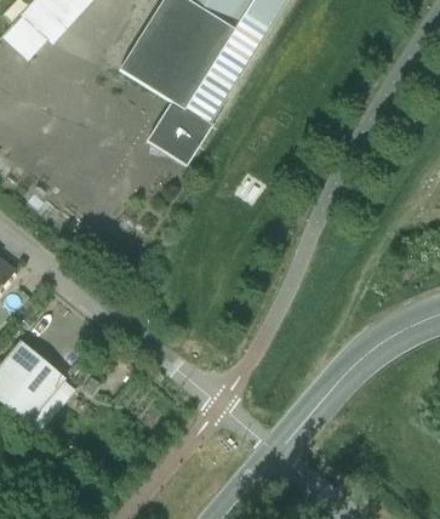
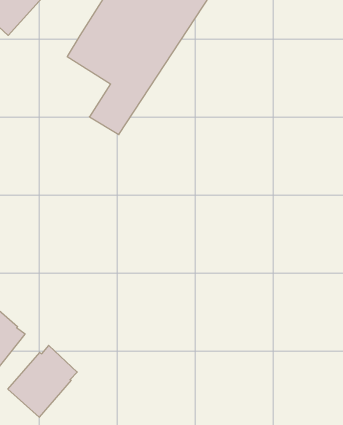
building: none -> [8,345,77,417]

